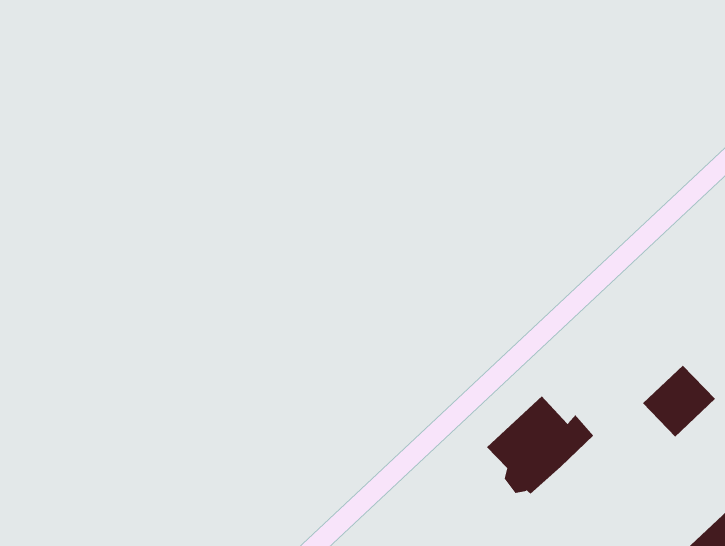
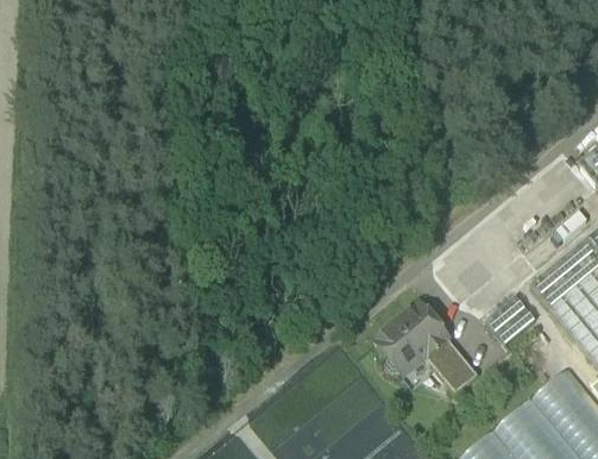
building: none -> [423,338,477,394]

